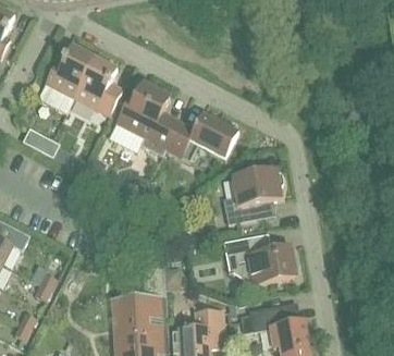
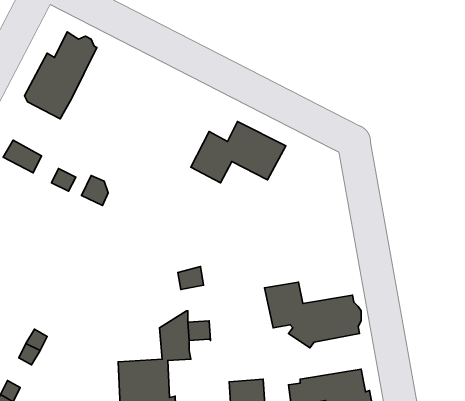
building: [74,57,122,114] -> none
building: [116,83,180,155] -> none
building: [222,169,282,222] -> none

